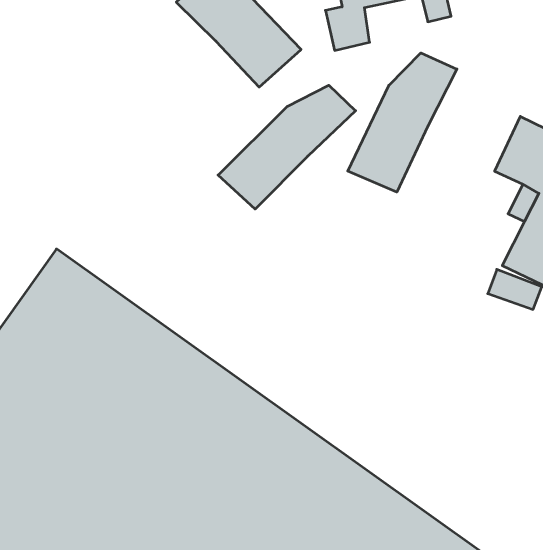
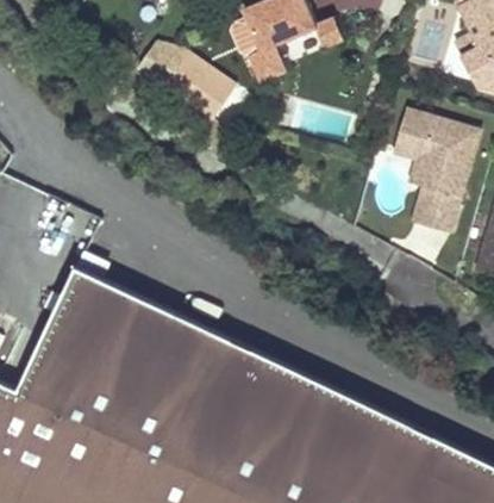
building: [348,53,457,192] -> none
building: [218,85,356,209] -> none

